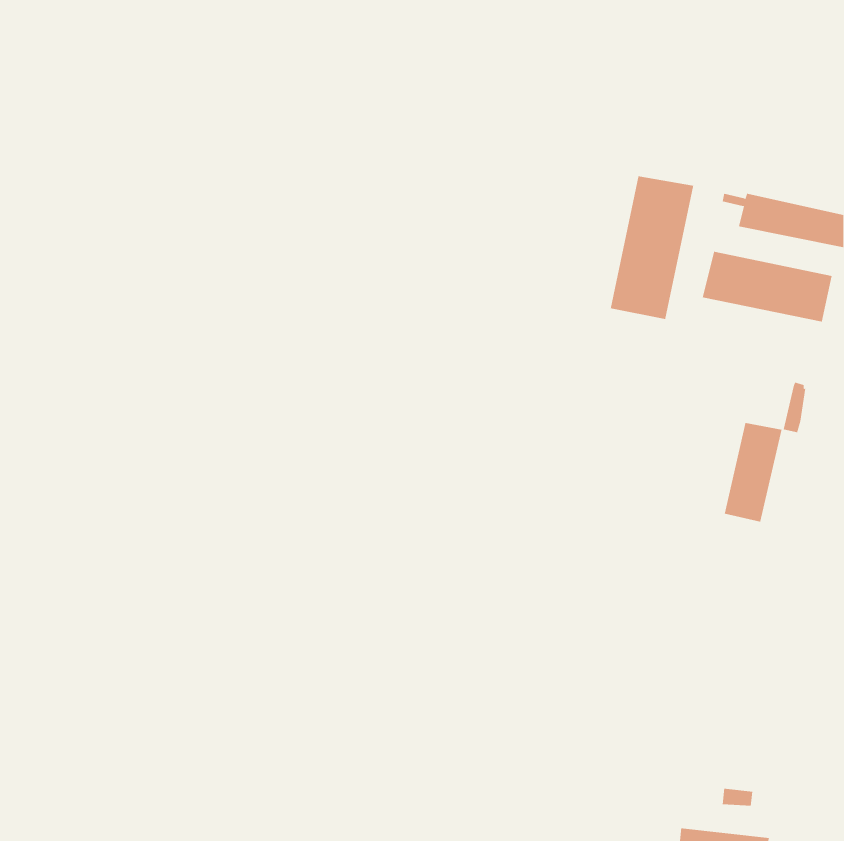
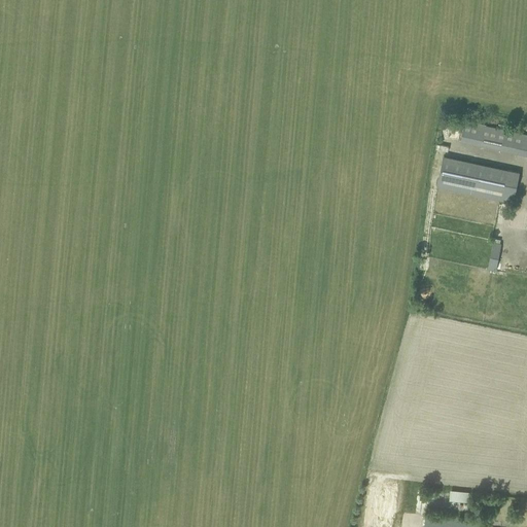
building: [610,176,694,320] -> none
building: [724,422,782,522] -> none

